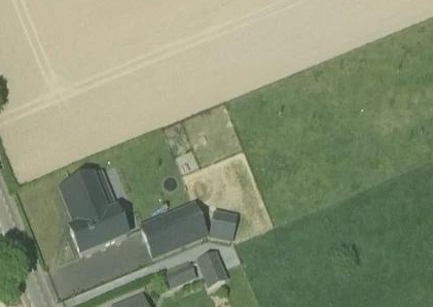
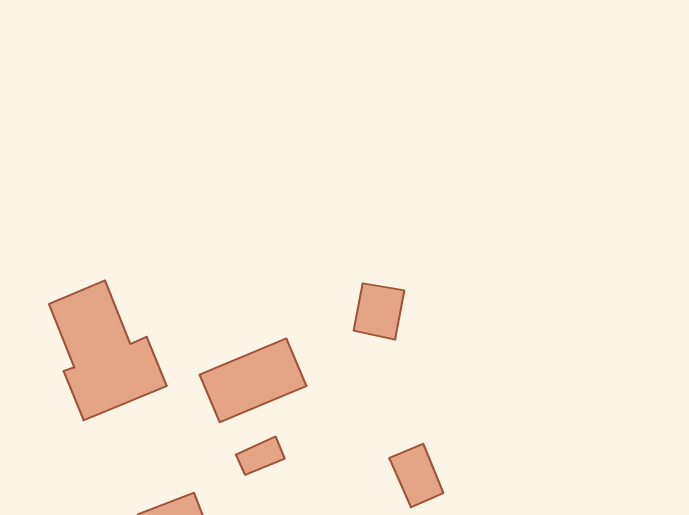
building: [209,207,238,239] -> [354,283,404,340]
building: [196,250,227,286] -> [389,444,443,507]

